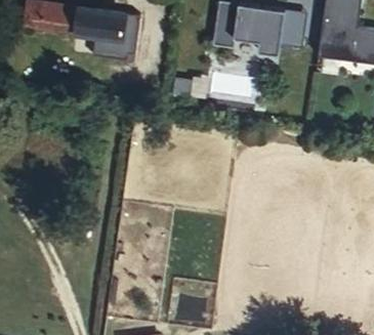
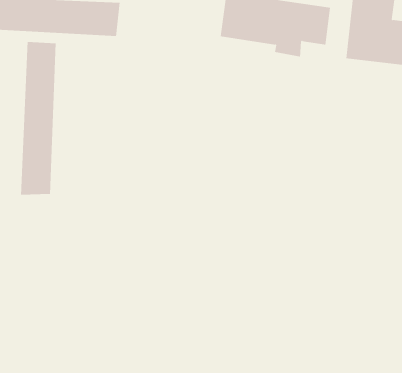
building: none -> [20,41,56,196]

